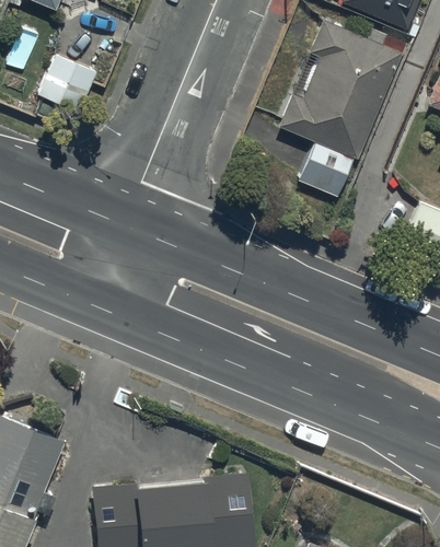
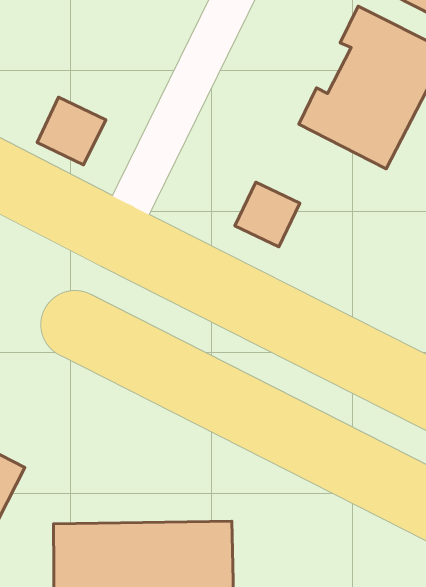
building: [39,56,97,113] -> [37,97,106,165]
building: [299,143,354,198] -> [235,182,300,247]

